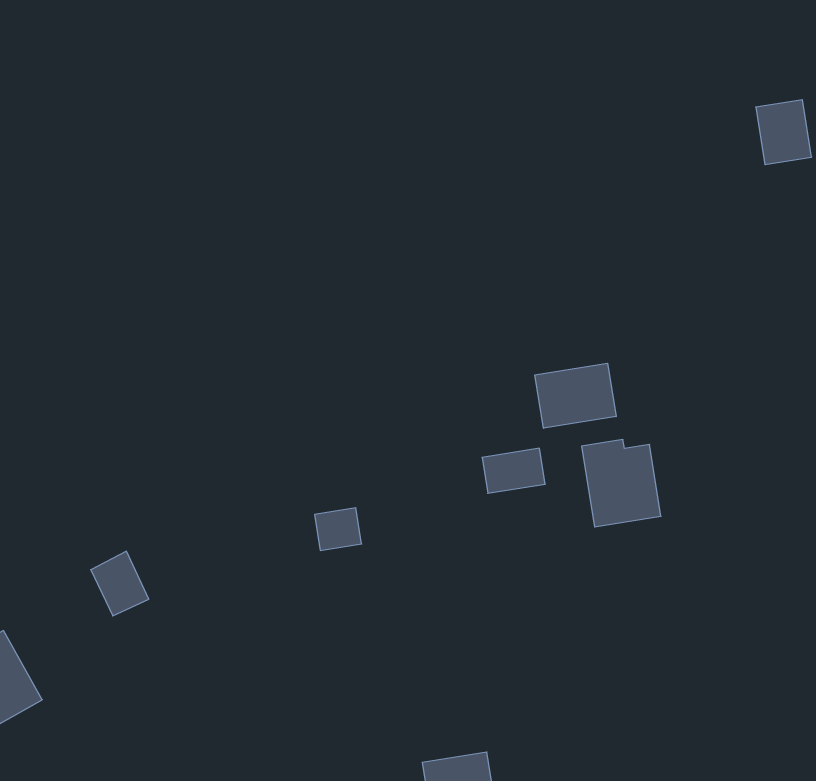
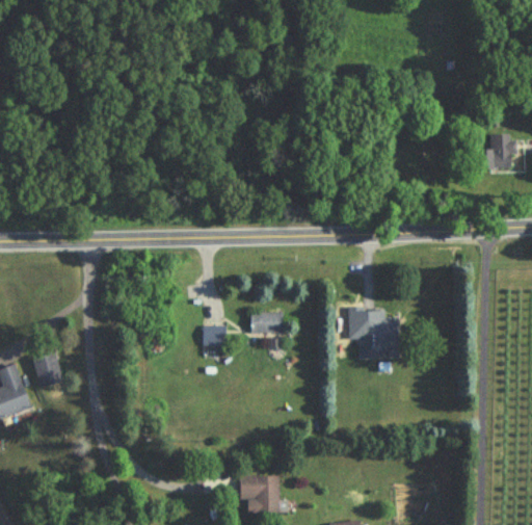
building: [535,363,616,428] -> none
building: [482,448,545,493] -> [248,312,282,333]
building: [91,551,149,616] -> [33,351,63,387]

